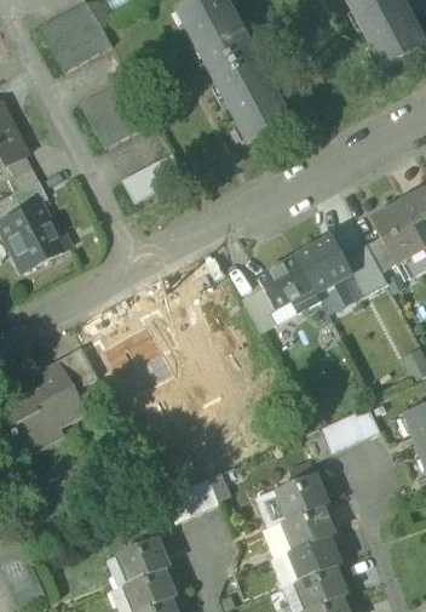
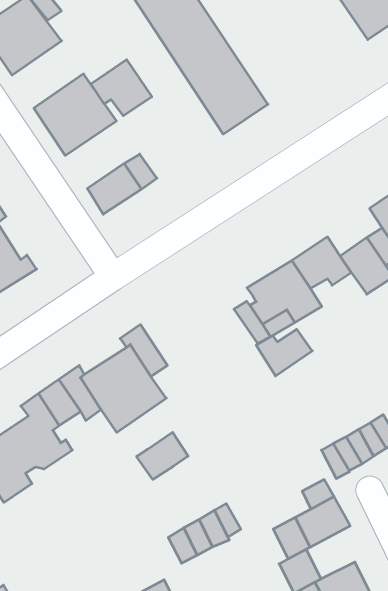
building: none -> [91,60,152,116]
building: [313,275,363,315] -> [256,329,312,376]
building: none -> [137,432,188,479]
building: [288,504,335,547] -> none

